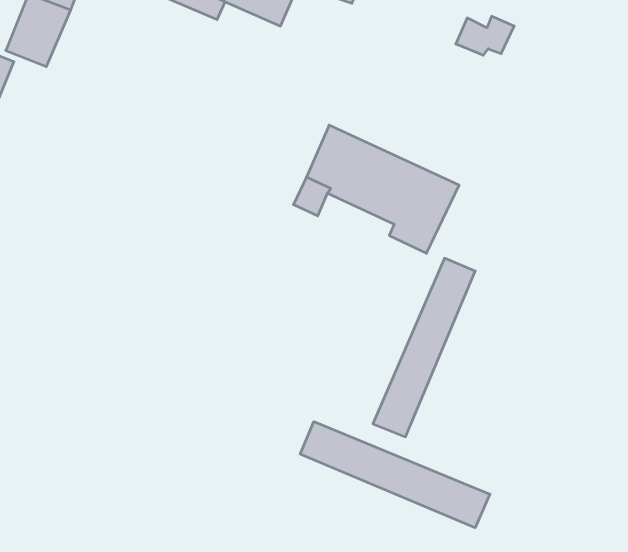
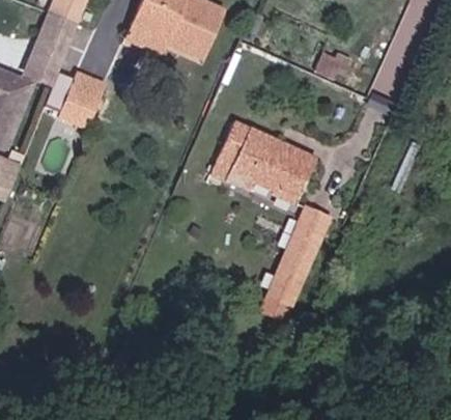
building: none -> [57,74,104,127]
building: [300,422,490,528] -> none

